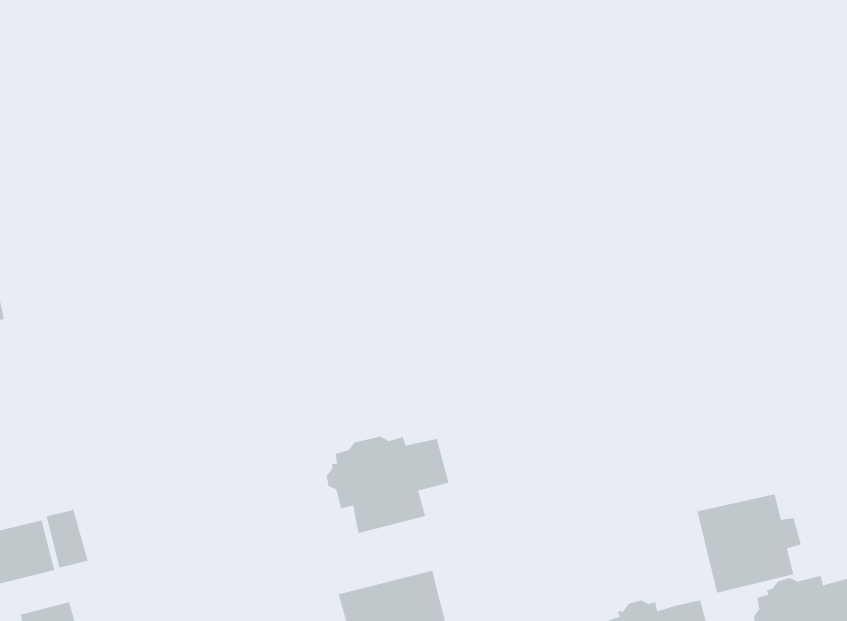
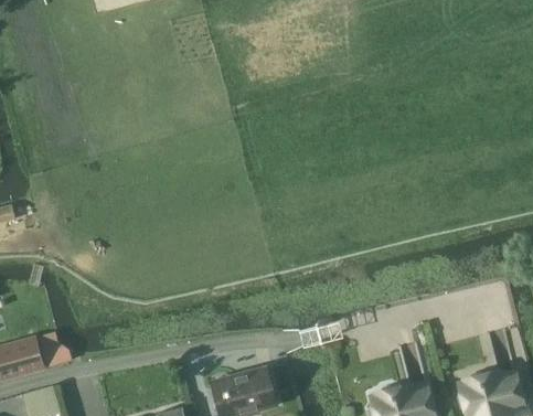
building: [326,436,449,534] -> none
building: [697,493,801,594] -> none

